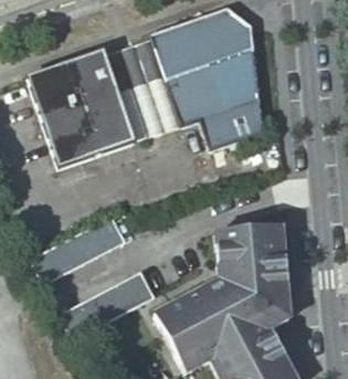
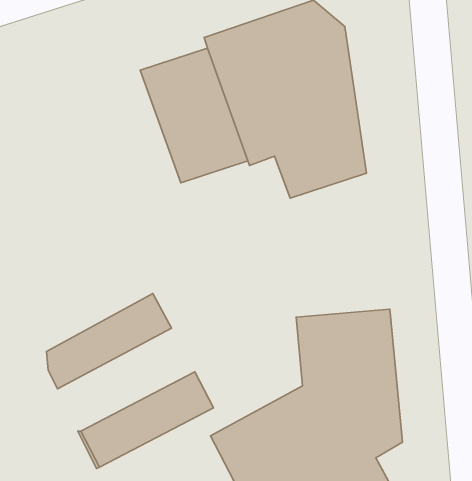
building: [24,52,133,167] -> none

